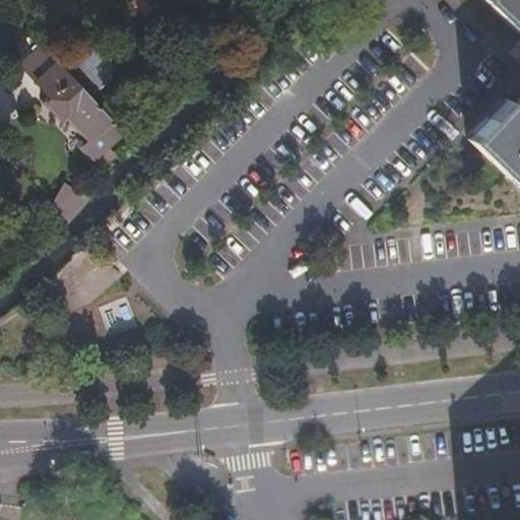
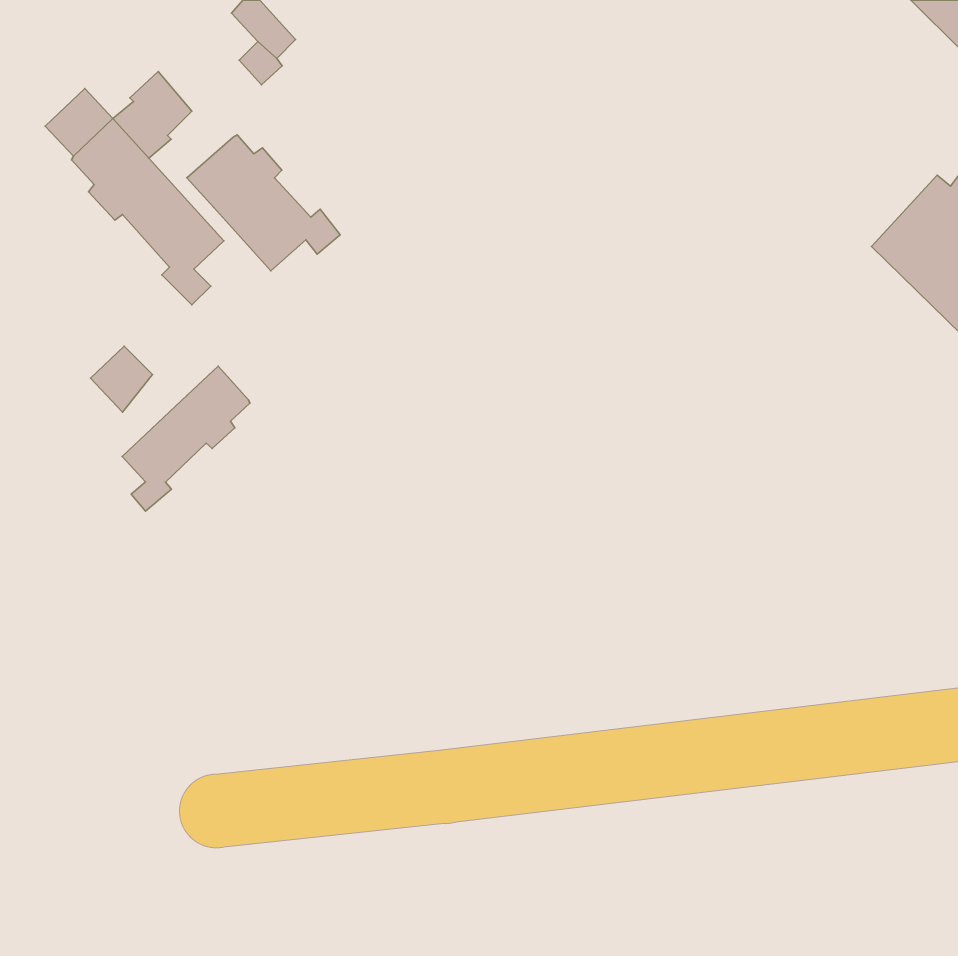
building: none -> [187,135,340,271]
building: none -> [122,366,250,511]

